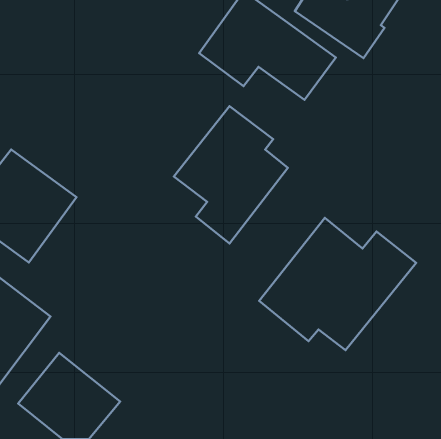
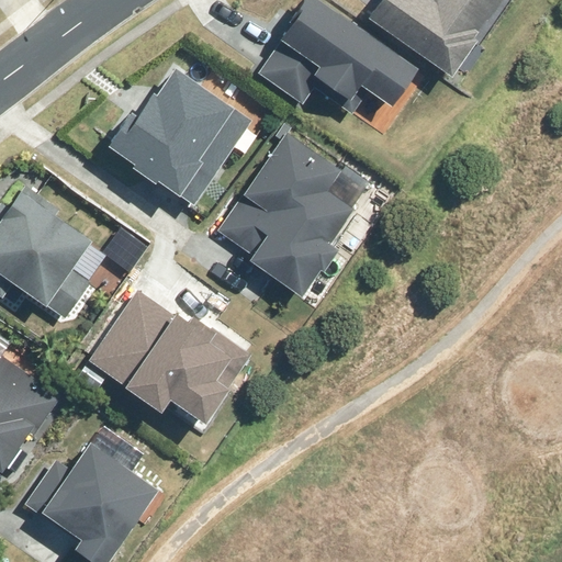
building: none -> [109,63,241,195]
building: none -> [91,272,263,440]
building: [259,218,416,350] -> none

